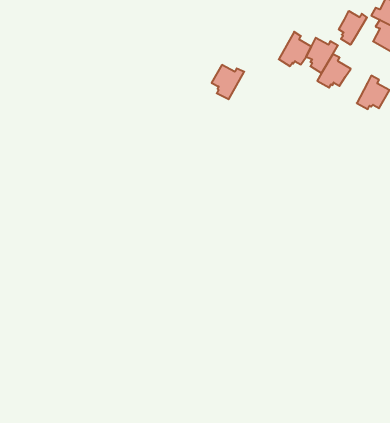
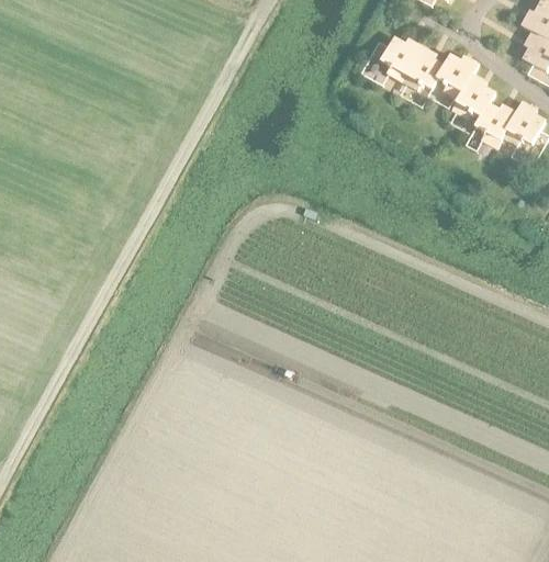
building: [339,11,367,45] -> none
building: [212,65,244,99] -> [380,38,422,82]
building: none -> [474,104,515,149]

